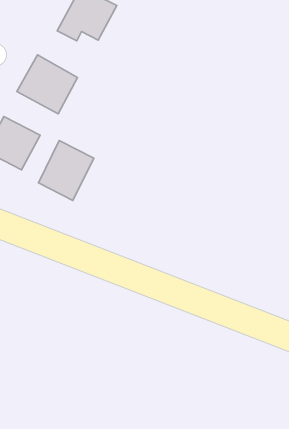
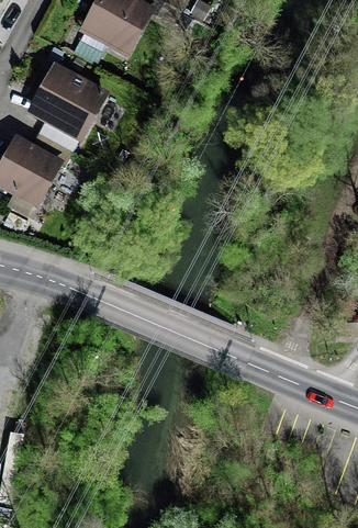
building: [38,141,94,201] -> none

